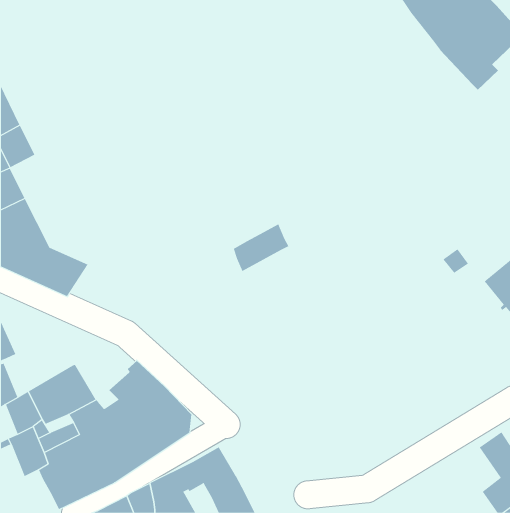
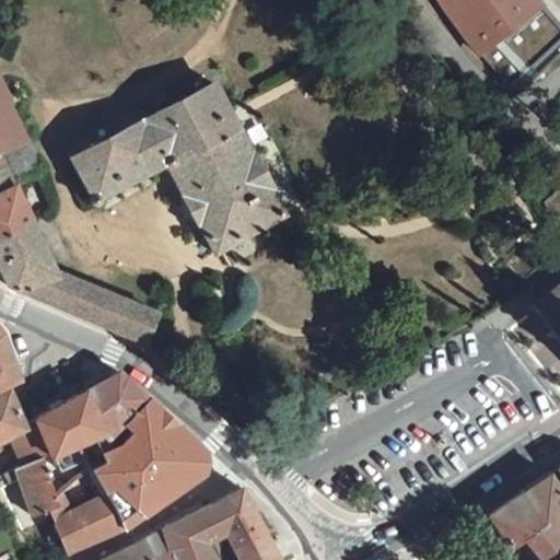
building: none -> [70,82,285,253]
building: [233,224,289,272] -> none
building: none -> [78,288,154,347]
building: none -> [86,377,144,436]
building: none -> [491,487,548,542]

